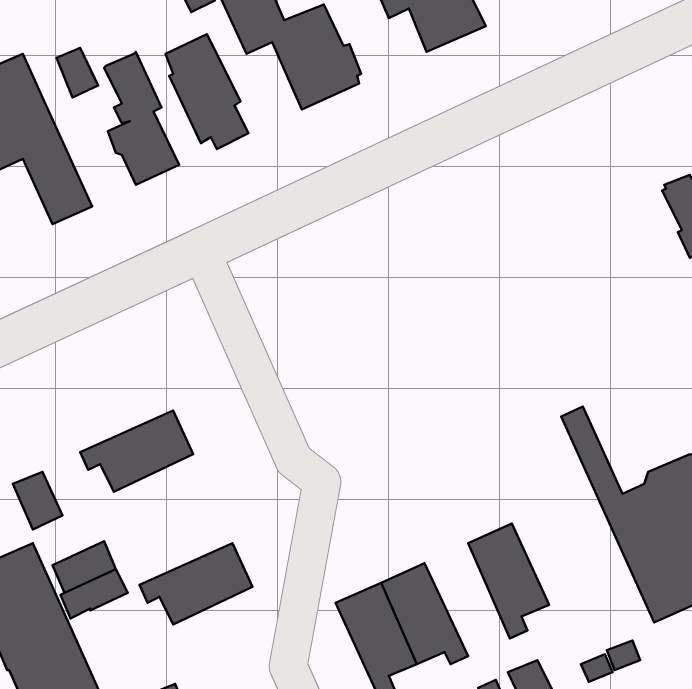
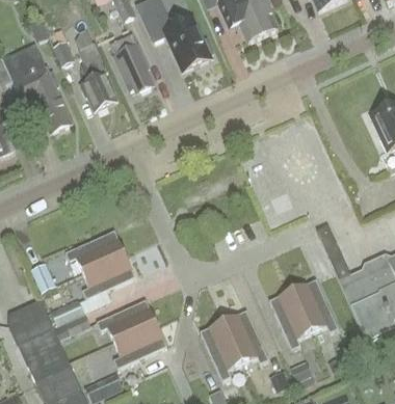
building: none -> [81,252,134,298]
building: none -> [291,278,337,331]
building: none -> [112,322,165,368]

